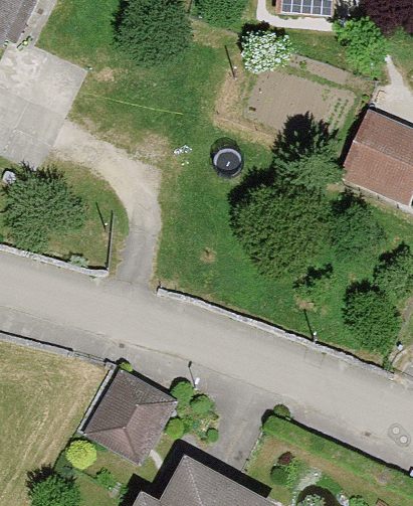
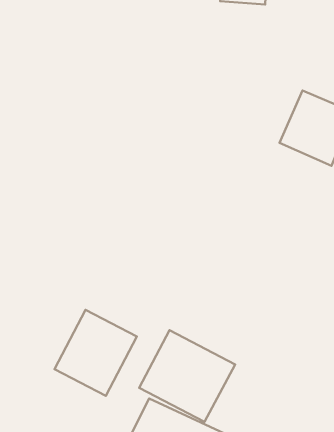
building: none -> [139,330,235,422]

